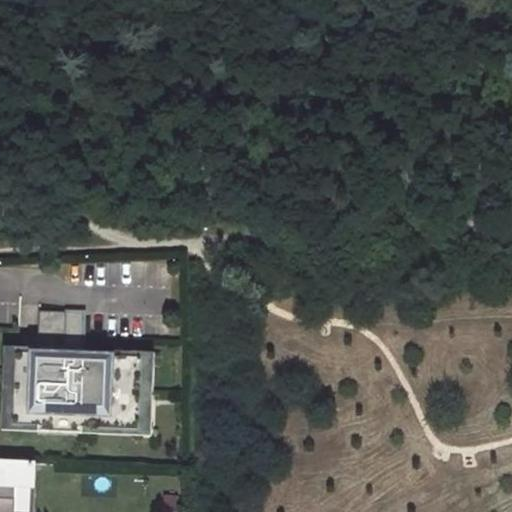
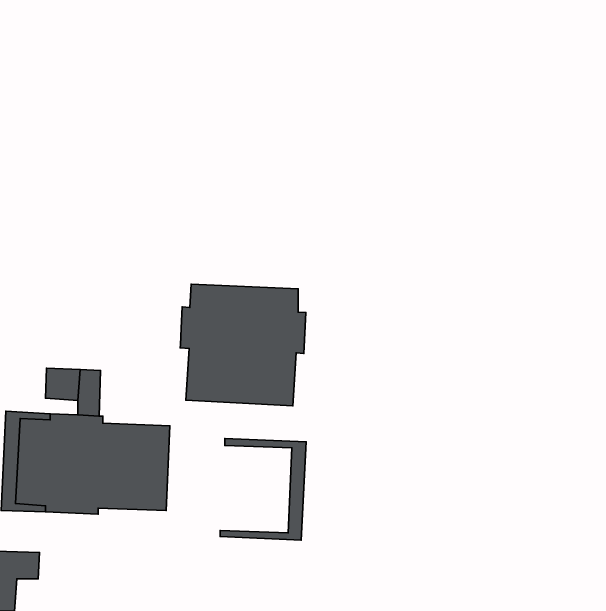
building: none -> [180,284,306,406]
building: [82,348,154,433] -> [220,438,306,540]

